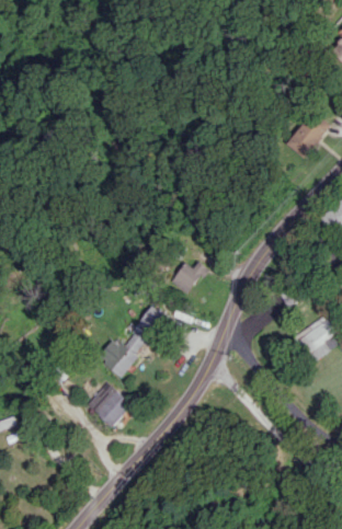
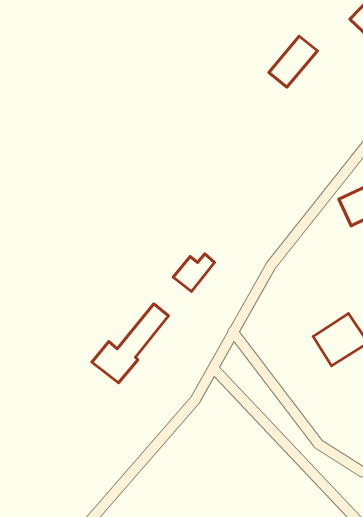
building: [285,112,329,158] -> [269,36,317,87]
building: [87,382,132,426] -> none

